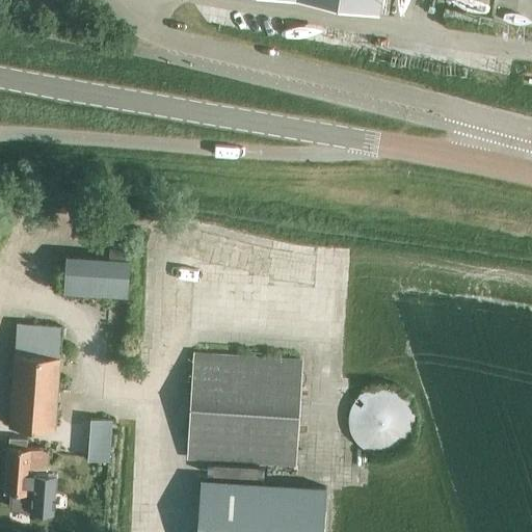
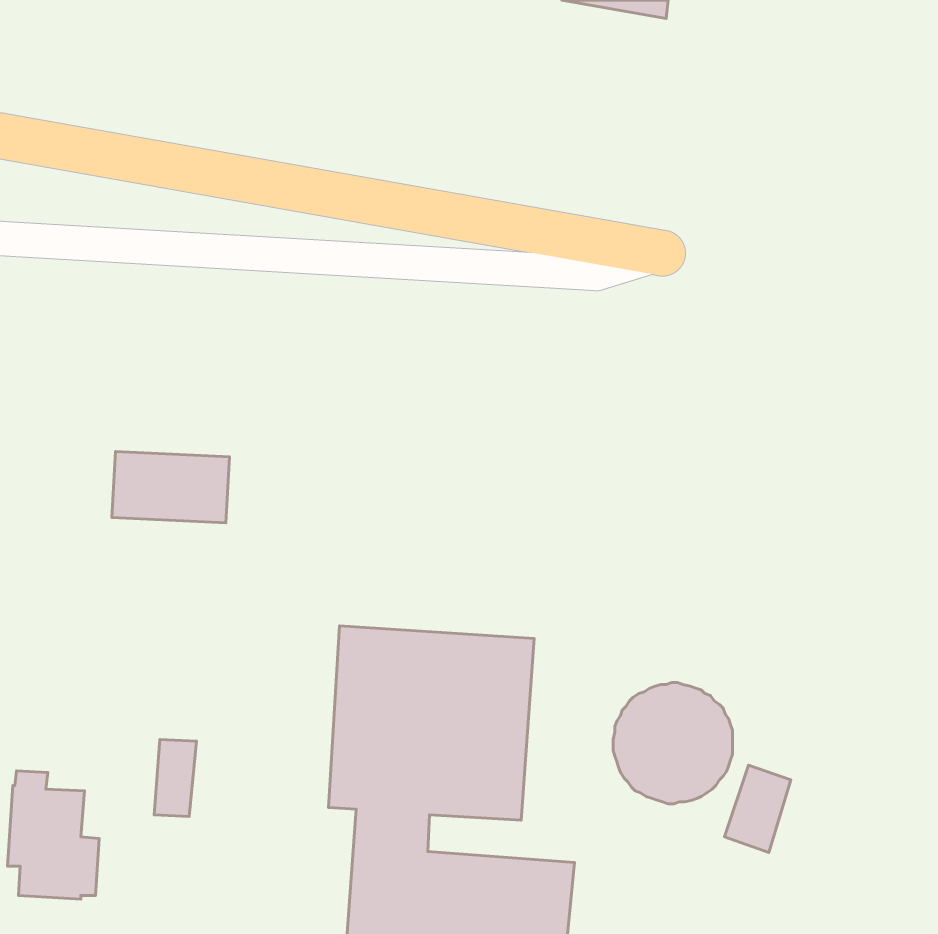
building: [8,325,62,431] -> none
building: none -> [725,765,791,852]

